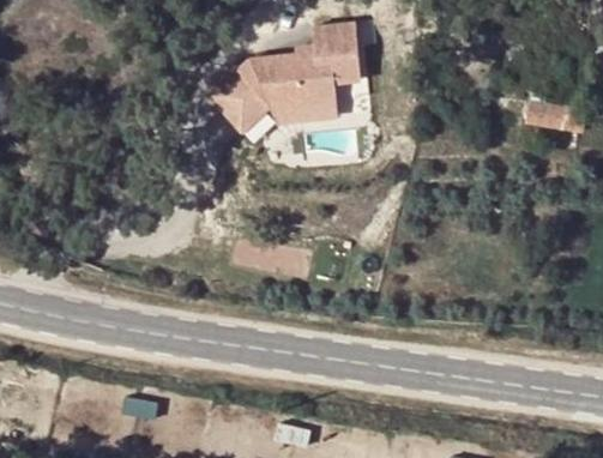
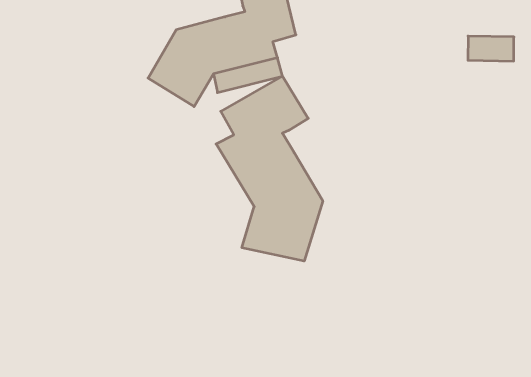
building: none -> [216,76,323,261]

